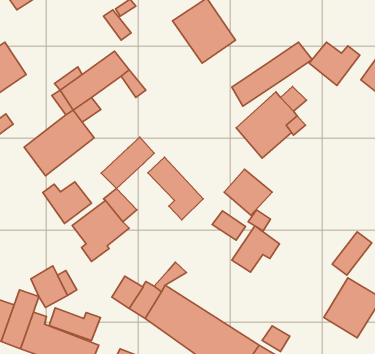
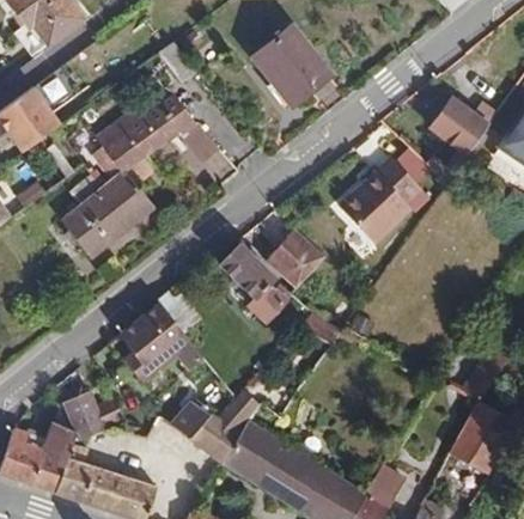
building: [232,42,312,106] -> none
building: [101,137,154,189] -> none
building: [224,169,272,215] -> [263,224,325,283]
building: [43,182,91,223] -> none
building: [232,226,280,272] -> none
building: [49,308,100,340] -> none

